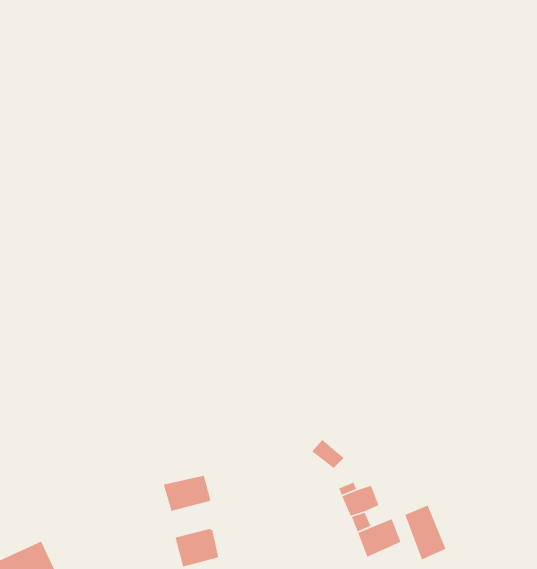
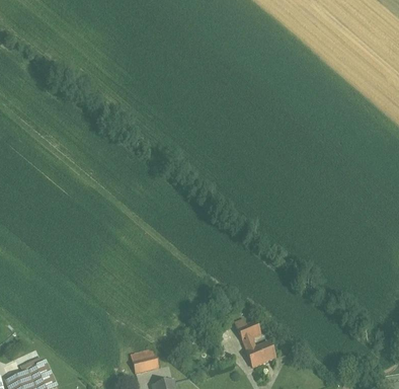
building: [163,475,211,512] -> none
building: [404,504,447,561] -> none

